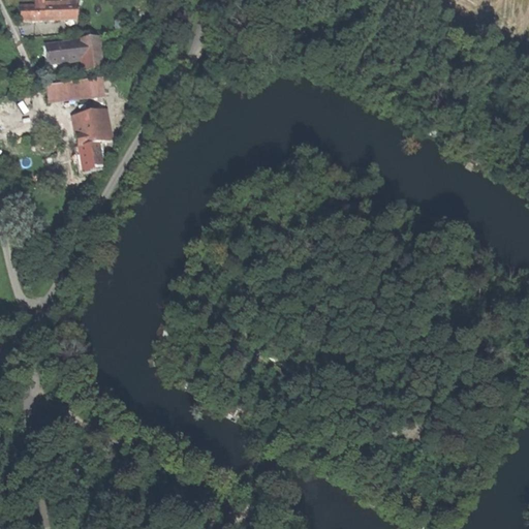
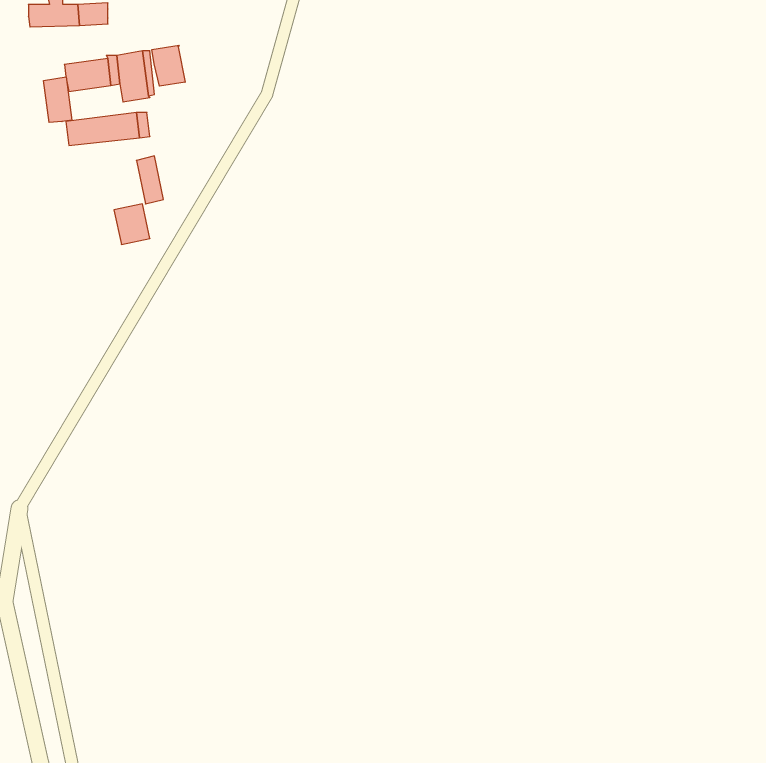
building: none -> [152,45,185,86]
building: none -> [44,77,72,122]
building: [72,111,100,145] -> none

